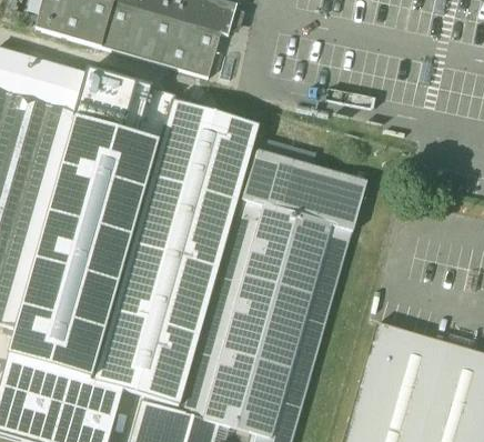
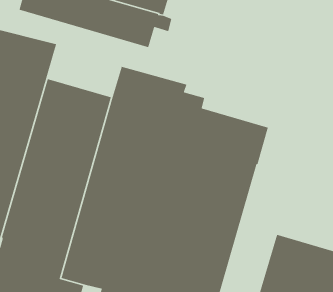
building: [73,71,172,141] -> none

